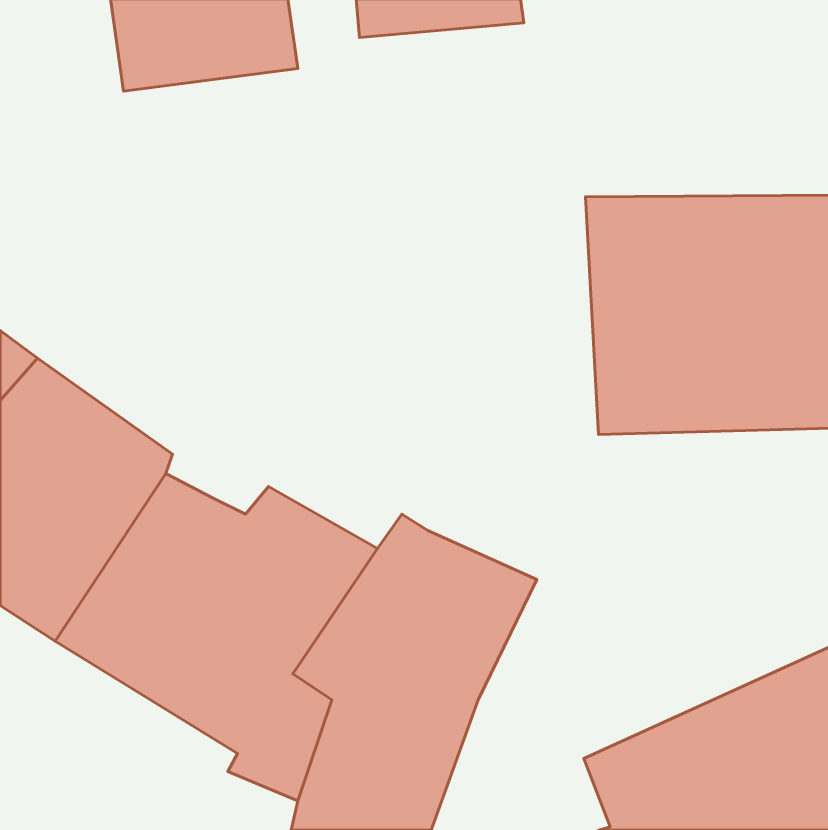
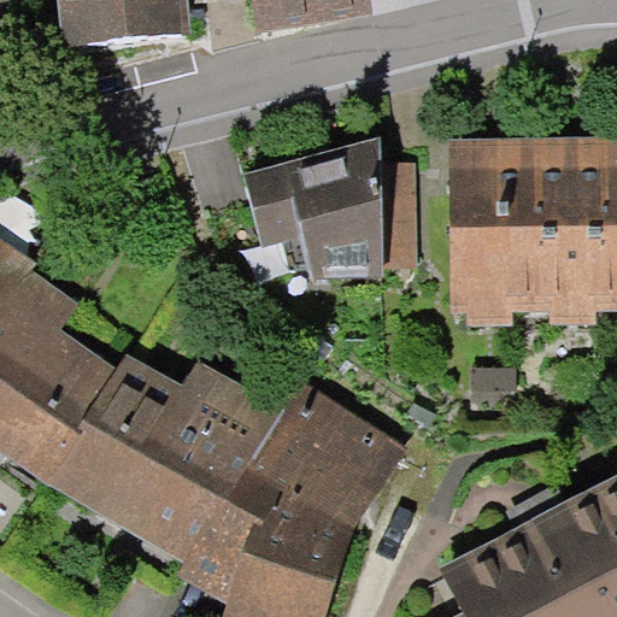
building: none -> [224,148,378,294]

